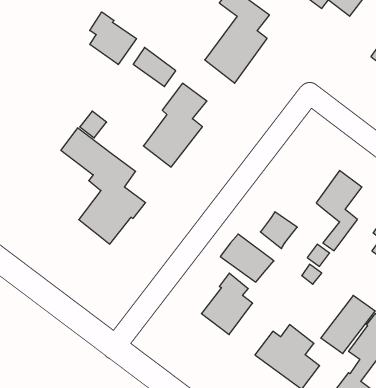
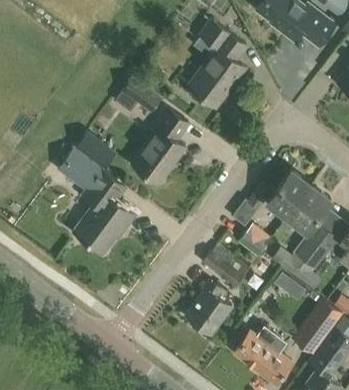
building: [90,12,136,65] -> none
building: none -> [248,172,311,216]
building: none -> [295,231,338,287]

